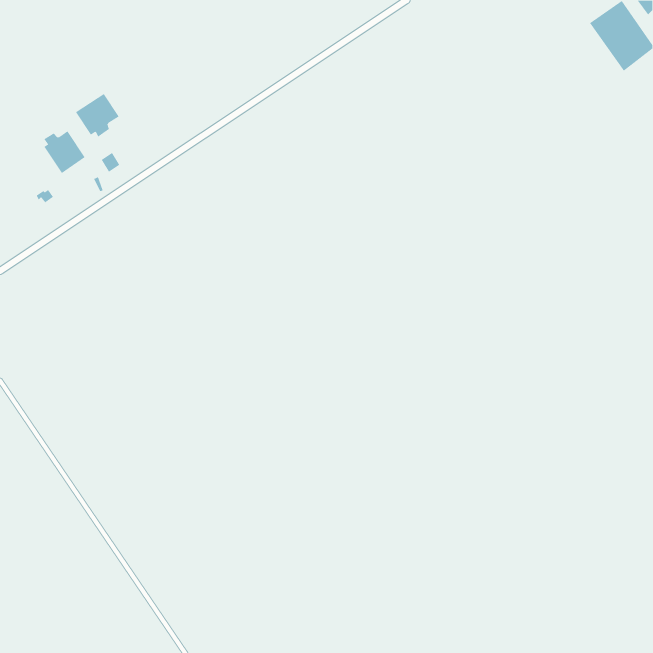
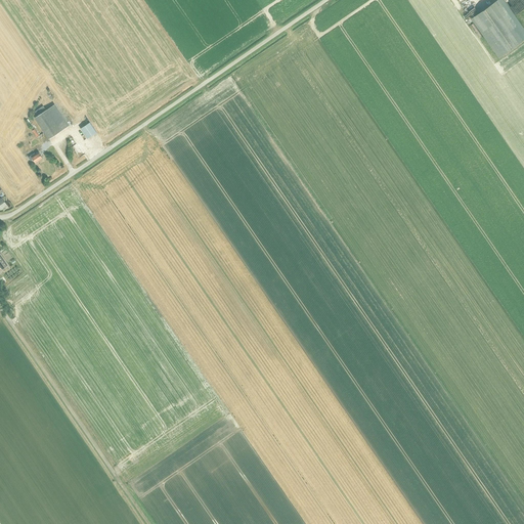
building: [75,93,120,137] -> none

